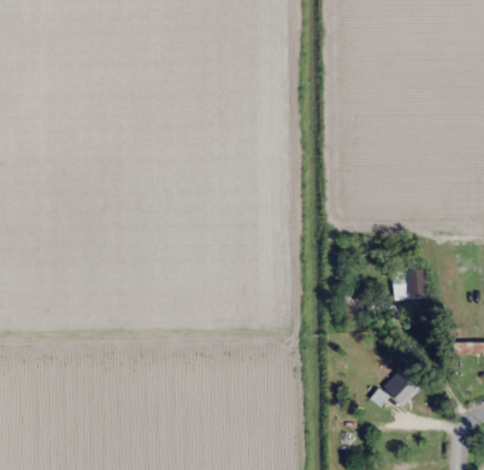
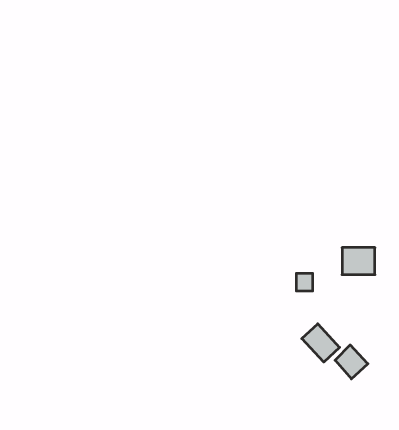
building: none -> [302,324,340,362]

